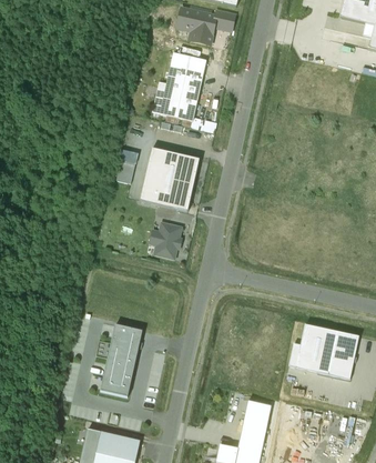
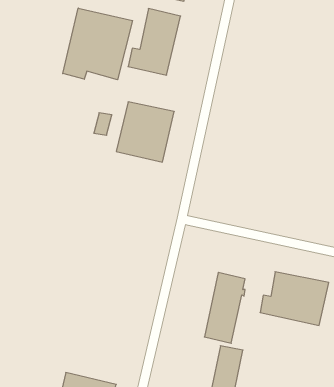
building: none -> [63,8,133,80]
building: [150,222,181,256] -> none
building: [100,323,142,396] -> [204,272,245,343]

